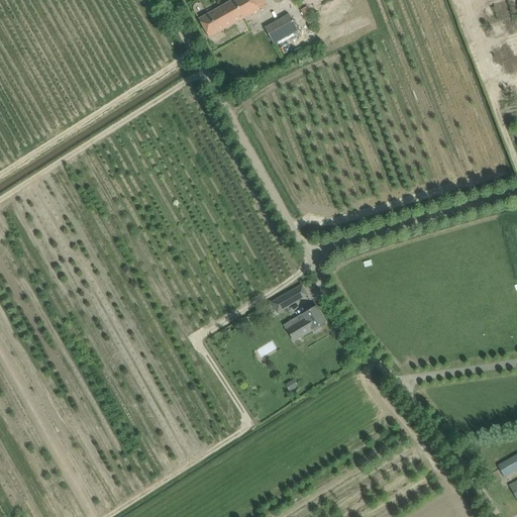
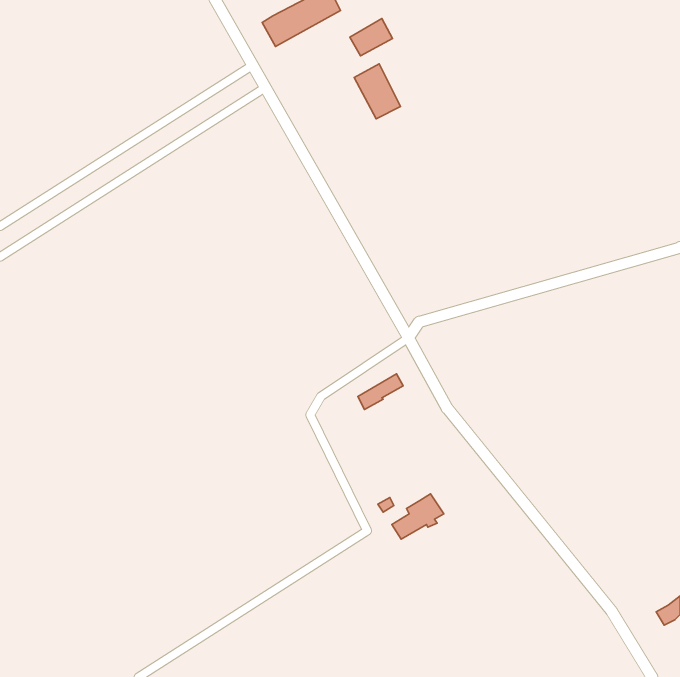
building: none -> [354,64,401,119]
building: [287,305,326,339] -> [392,494,444,539]

